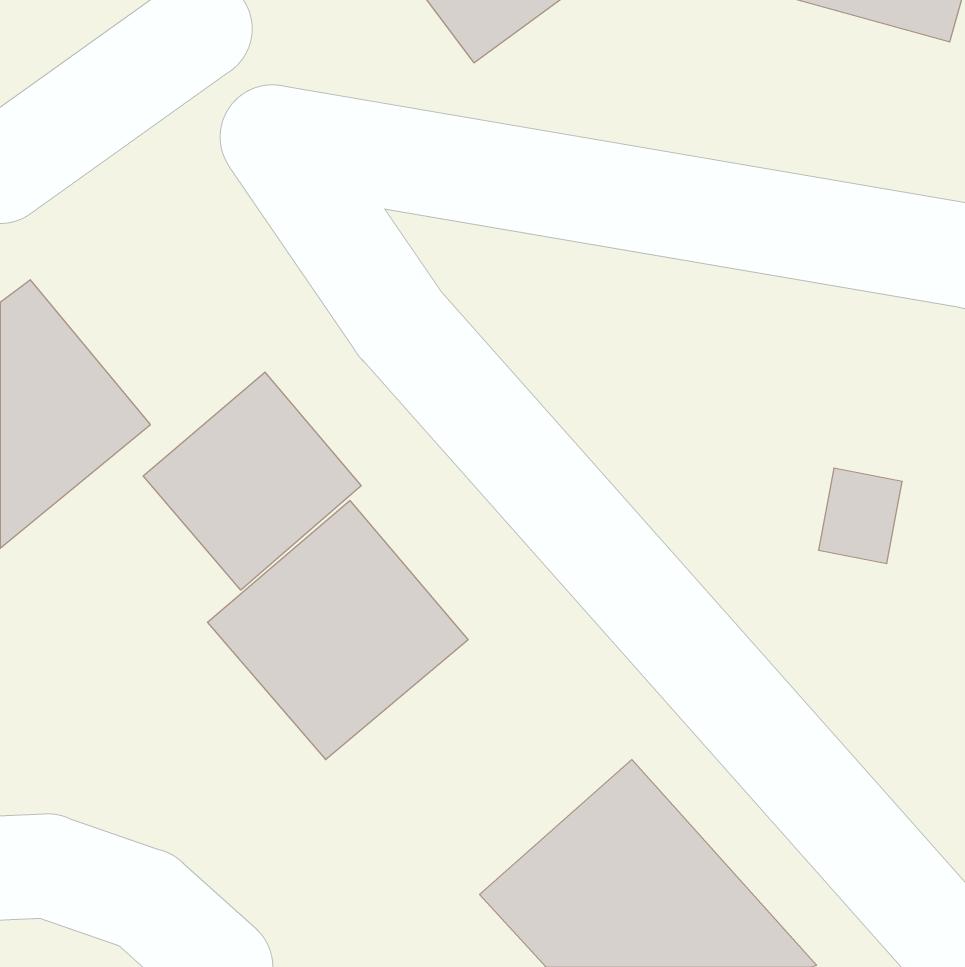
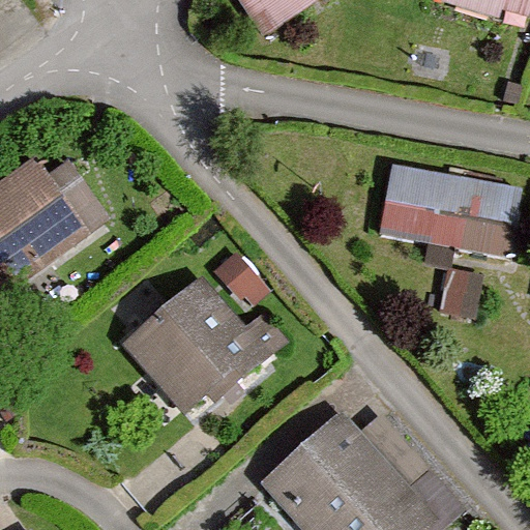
building: none -> [384,169,524,259]
building: [143,372,361,590] -> none

